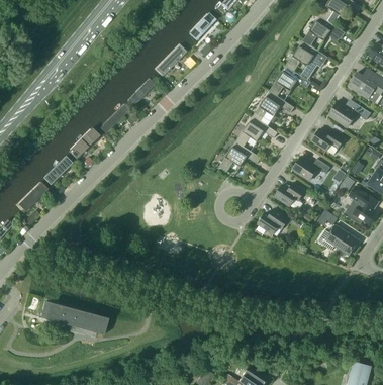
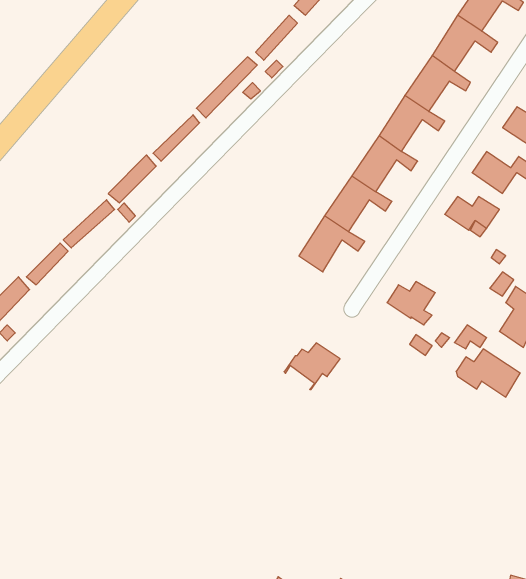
building: [292,156,329,180] -> none
building: [253,208,288,237] -> [284,343,340,389]
building: [39,300,107,333] -> none

